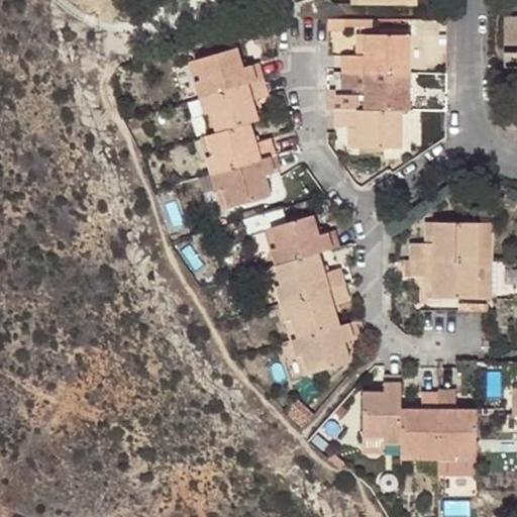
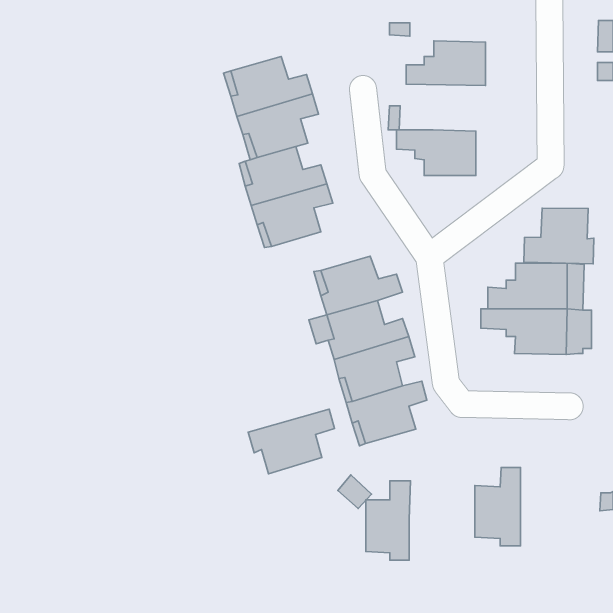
building: [341,72,408,111] -> none
building: none -> [524,208,594,264]
building: none -> [248,409,334,474]
building: [363,377,400,443] -> [366,481,410,560]
building: [437,394,476,477] -> none

